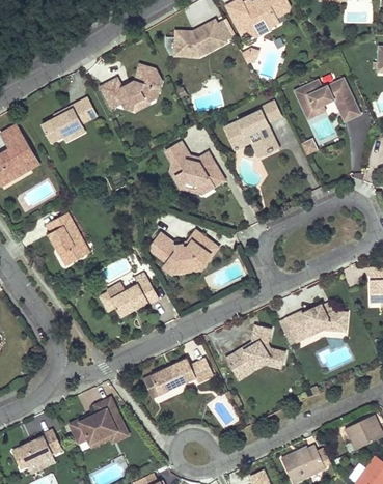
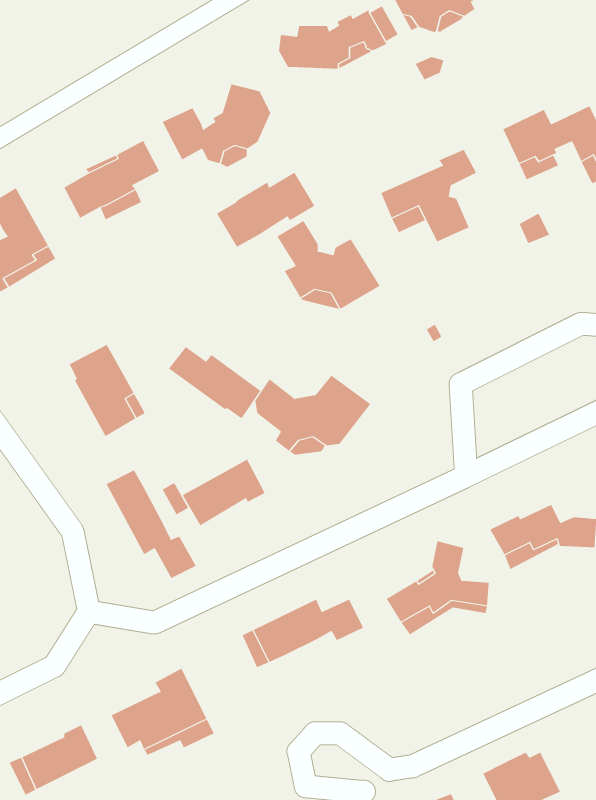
building: none -> [216,172,315,247]
building: none -> [168,346,261,419]
building: none -> [106,470,196,579]

